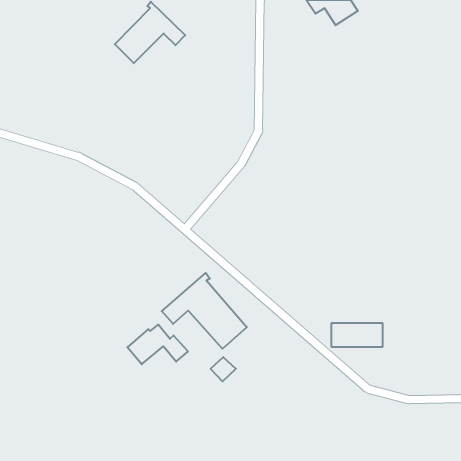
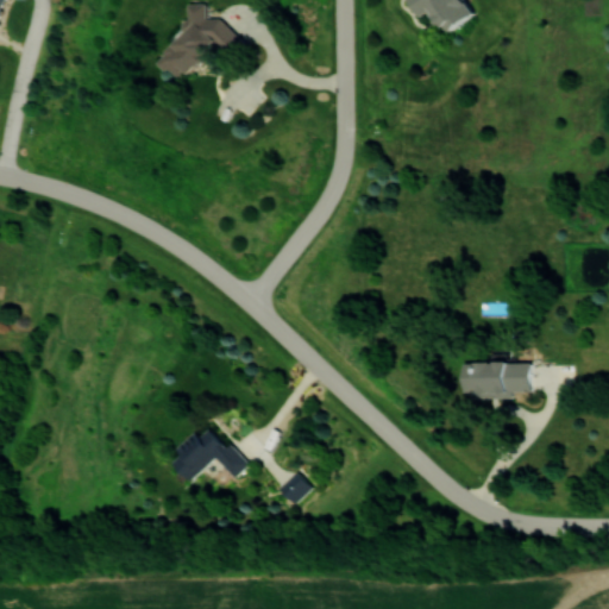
building: [162,273,247,349] -> none
building: [331,323,383,347] -> [460,362,528,393]

